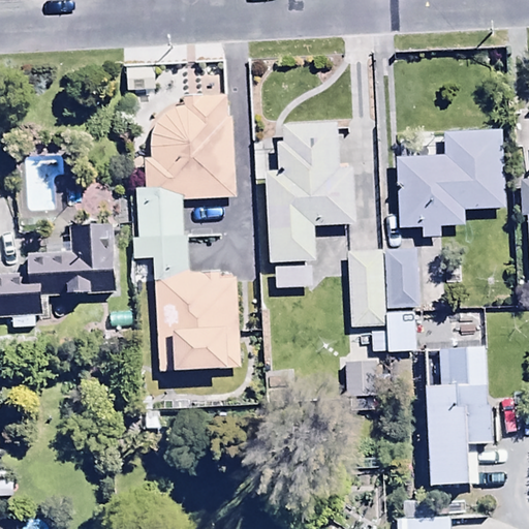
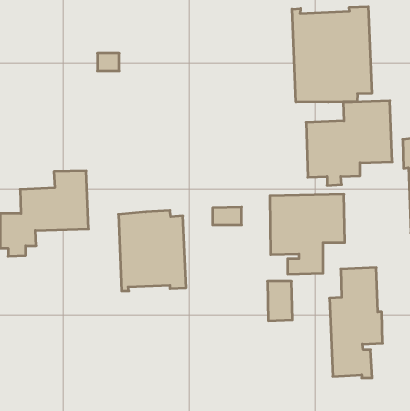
building: none -> [292,7,372,102]
building: [133,94,237,275] -> none
building: [267,122,354,260] -> none

